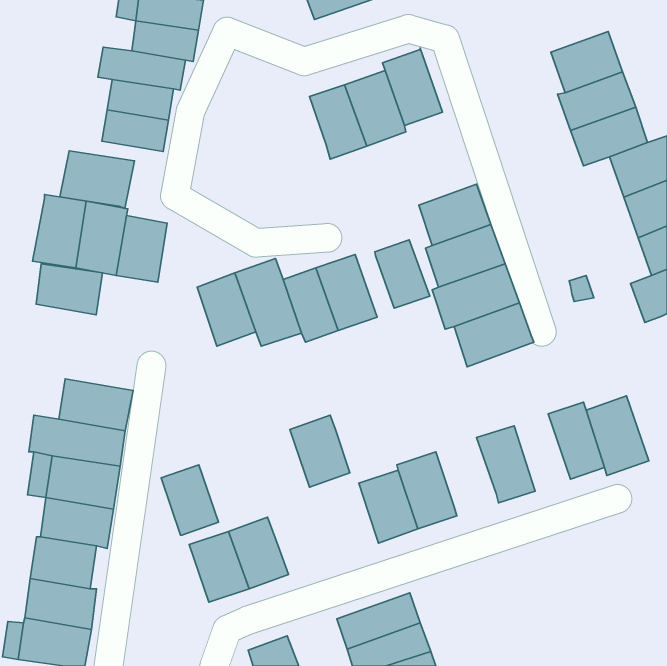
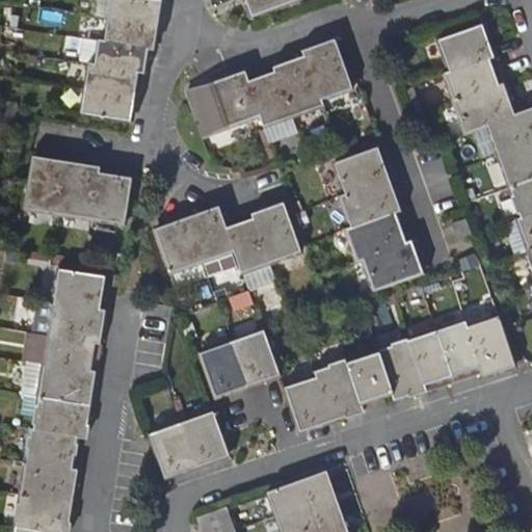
building: none -> [186,71,261,138]
building: [60,151,134,208] -> none
building: [375,240,430,308] -> none
building: [36,264,103,315] -> [52,269,105,310]
building: none -> [409,329,454,391]
building: none -> [347,348,395,403]
building: [161,465,218,535] -> [201,342,246,398]

